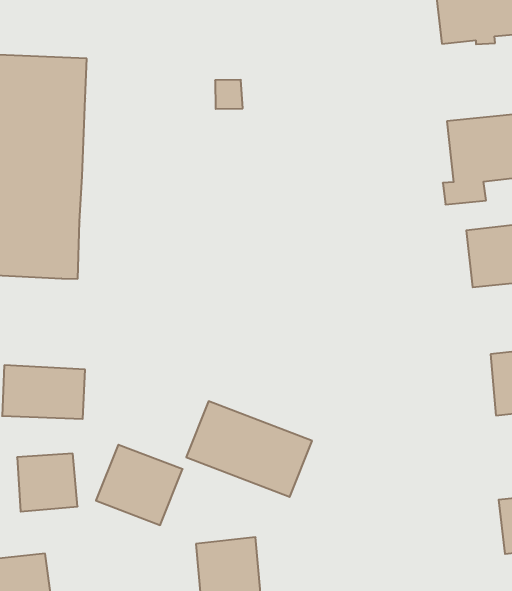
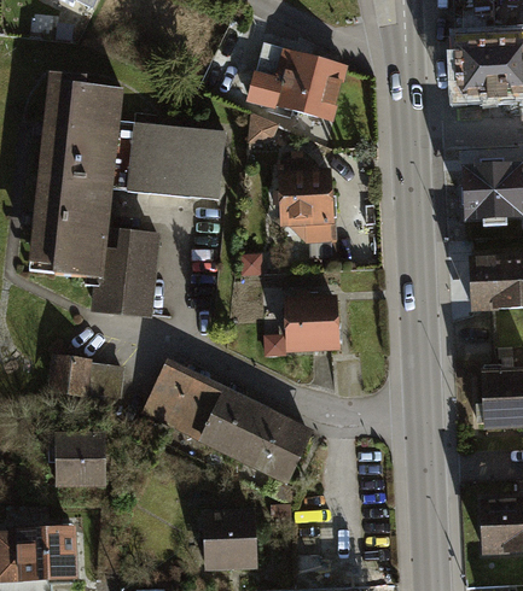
building: none -> [266,54,337,122]
building: none -> [126,121,234,200]
building: none -> [280,174,338,223]
building: none -> [98,229,165,318]
building: none -> [283,300,347,356]
building: [96,445,183,525] -> [146,370,225,444]

